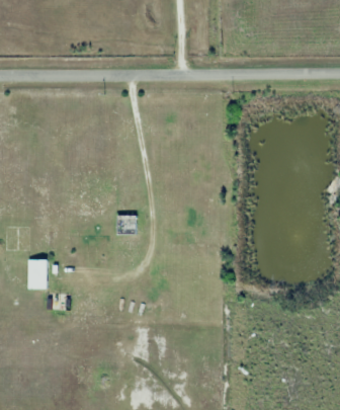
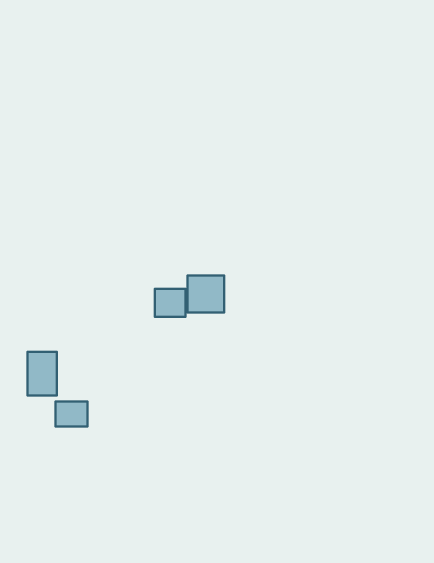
building: none -> [188,275,224,312]

